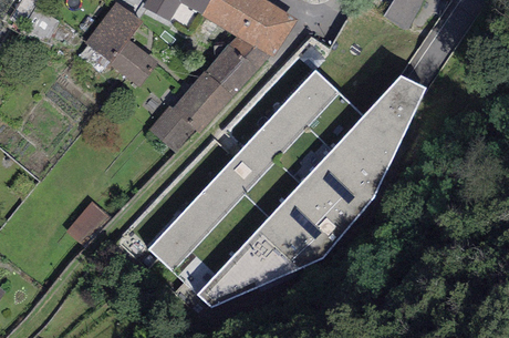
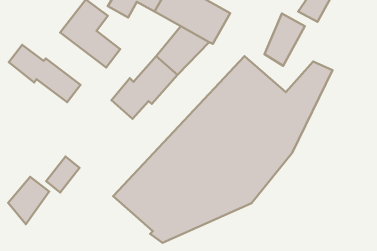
building: none -> [265,14,305,66]
building: none -> [9,45,81,102]
building: none -> [8,177,49,224]

